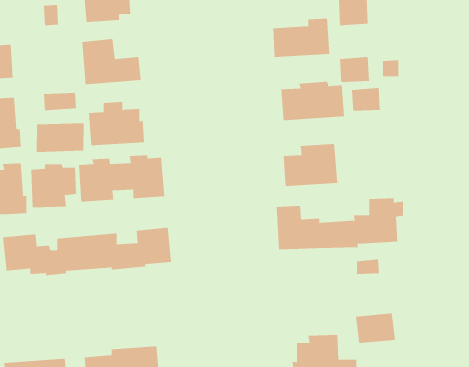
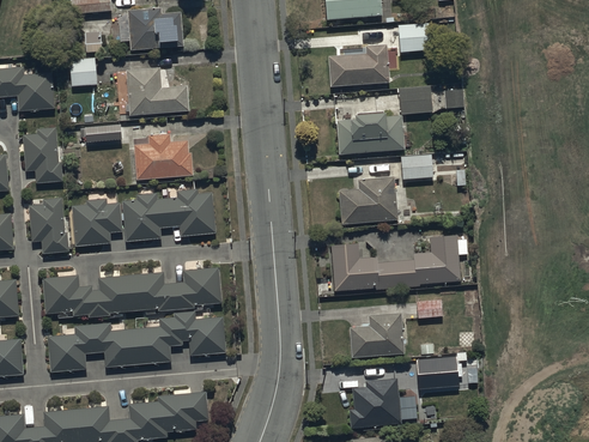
building: none -> [68,57,97,86]
building: [351,88,381,111] -> [401,153,432,178]
building: [36,122,84,153] -> none
building: none -> [48,311,226,373]
building: none -> [350,313,403,356]

